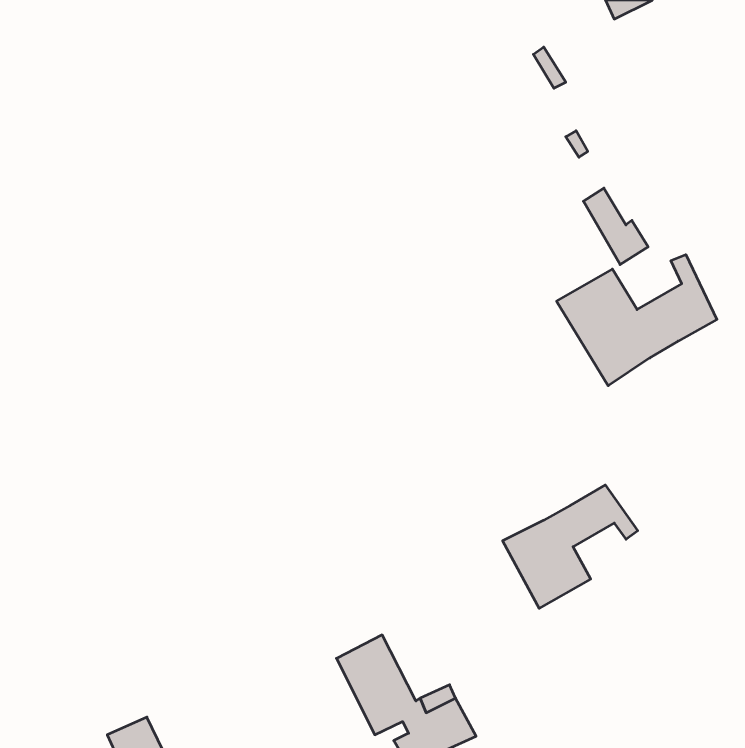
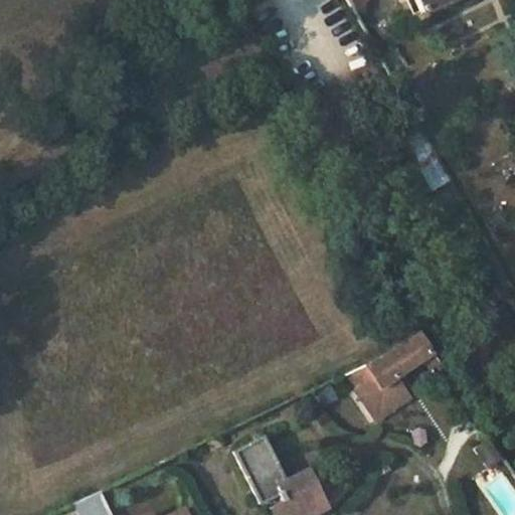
building: [557,255,717,386] -> none

